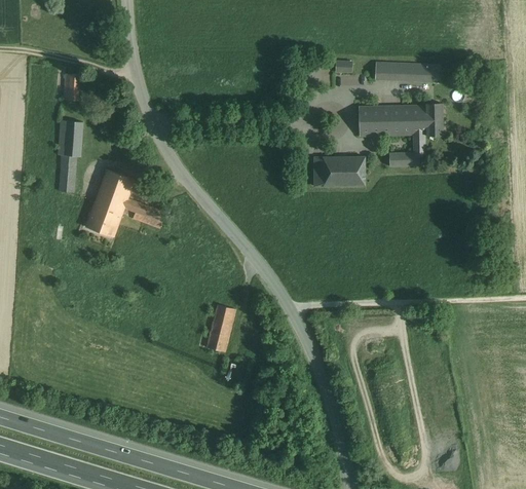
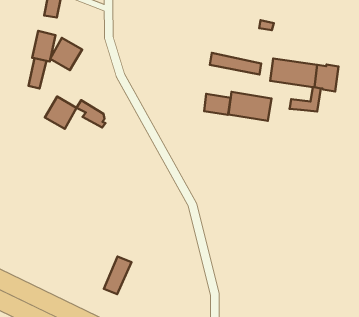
building: [376,62,440,79] -> [210,53,261,75]
building: none -> [204,94,231,115]
building: [97,167,135,206] -> [50,38,82,70]
building: [206,303,235,350] -> [104,256,131,294]

